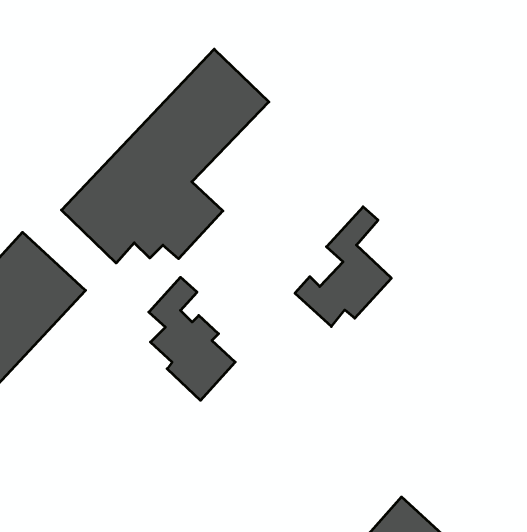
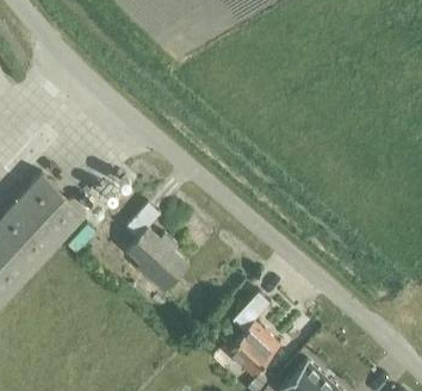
building: [61,49,269,263] -> none
building: [295,207,391,327] -> [212,296,281,381]

